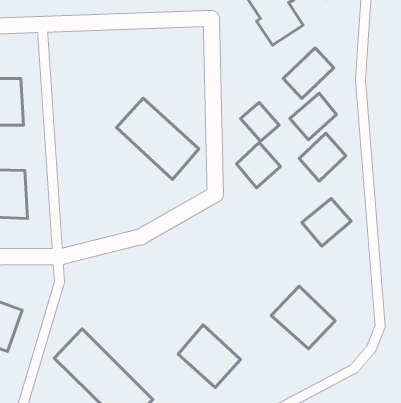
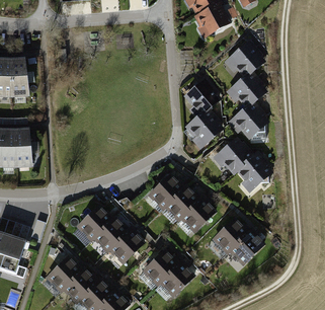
building: [116,98,199,179] -> [146,172,209,234]
building: none -> [209,137,247,175]
building: none -> [76,203,139,263]

